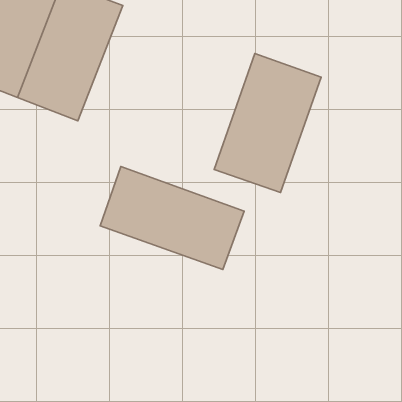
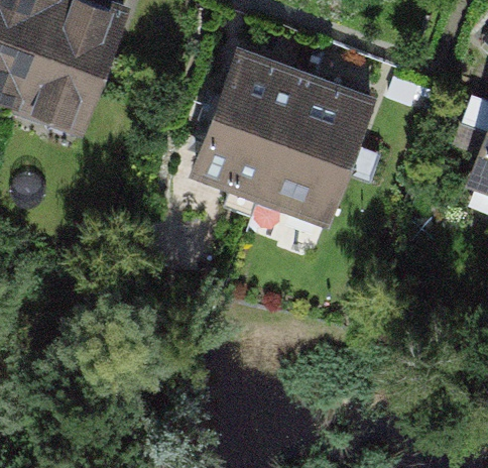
building: none -> [177,43,299,202]
building: [100,167,244,270] -> none

